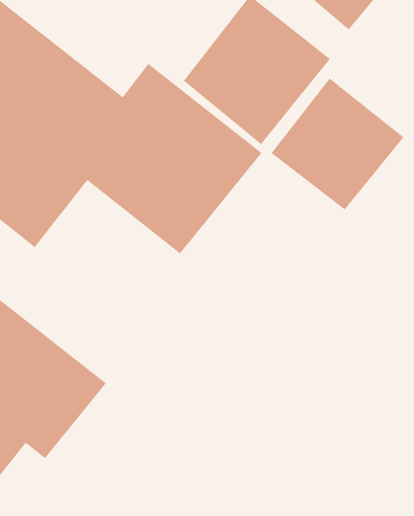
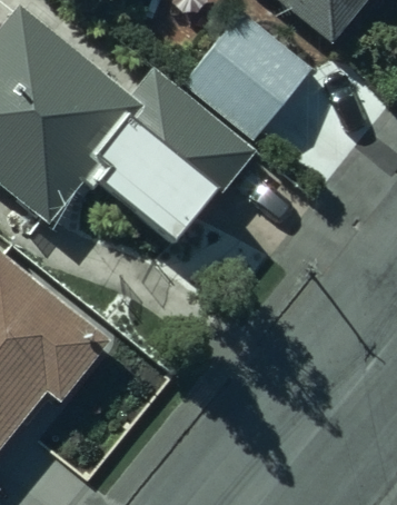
building: [270,78,404,211] -> none

